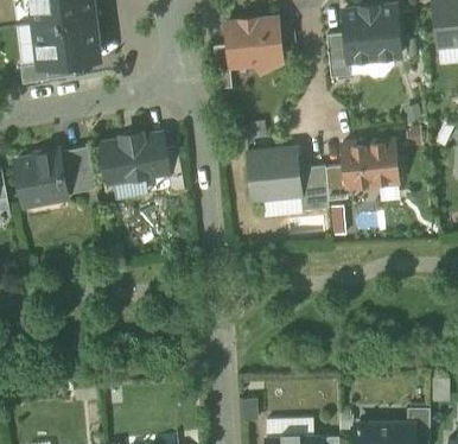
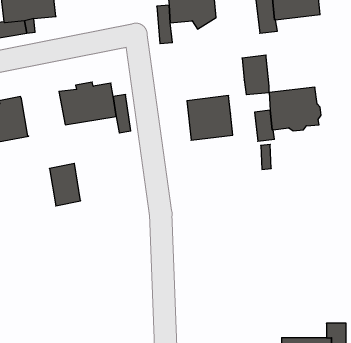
building: [59,146,95,195] -> [49,163,81,206]
building: [298,165,329,210] -> [242,55,269,95]

